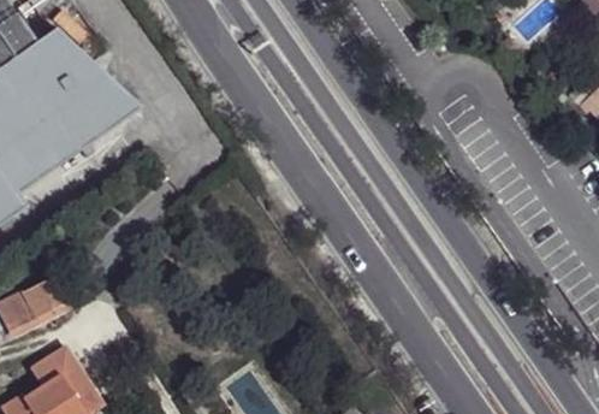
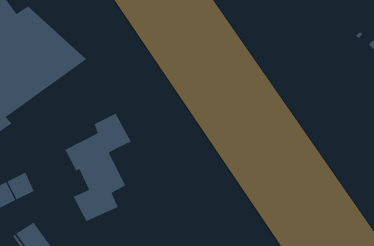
building: none -> [65,113,132,222]

